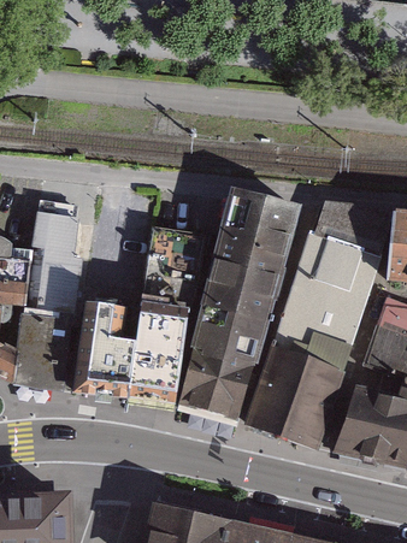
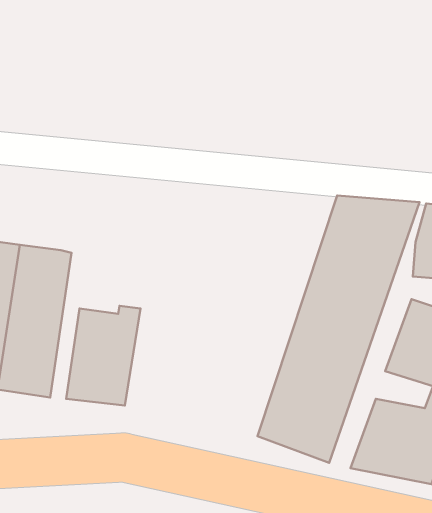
building: [181,190,297,419] -> none
building: [33,200,77,254] -> none
building: [128,229,204,402] -> none

